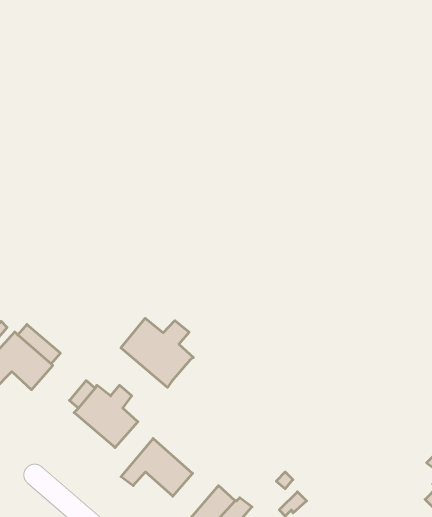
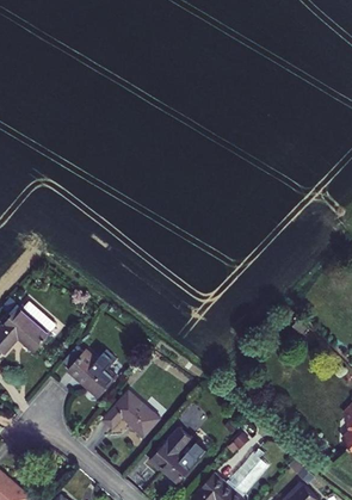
building: [121,318,193,387] -> none

